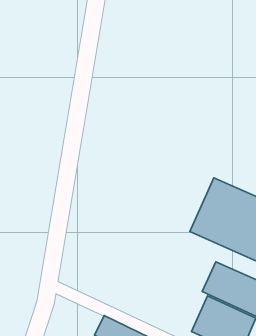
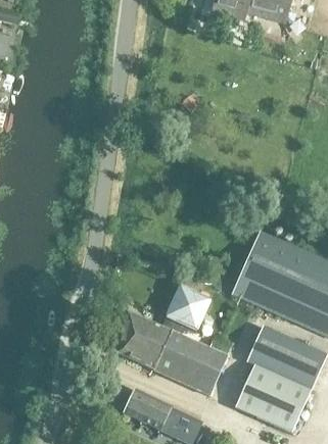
building: none -> [115,286,232,395]

